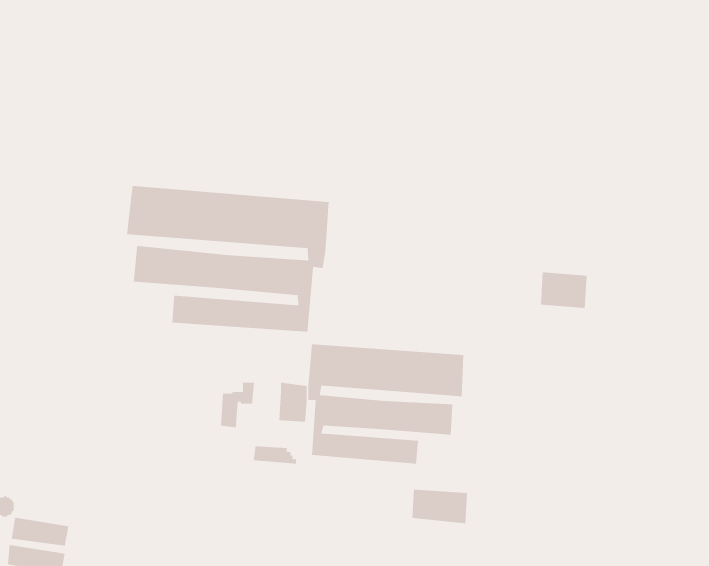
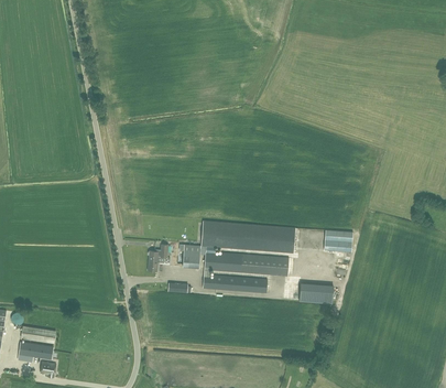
building: [127,185,329,333] -> none
building: [540,272,587,308] -> [323,229,351,251]
building: [412,489,468,524] -> [298,283,333,304]

